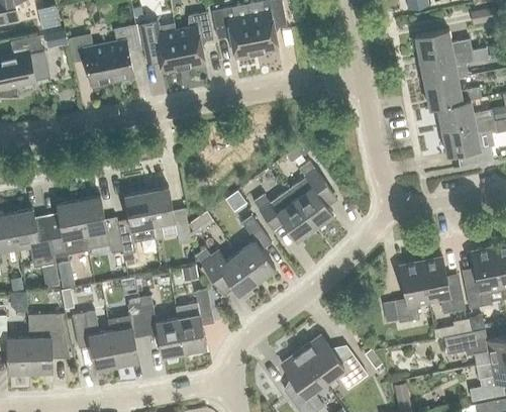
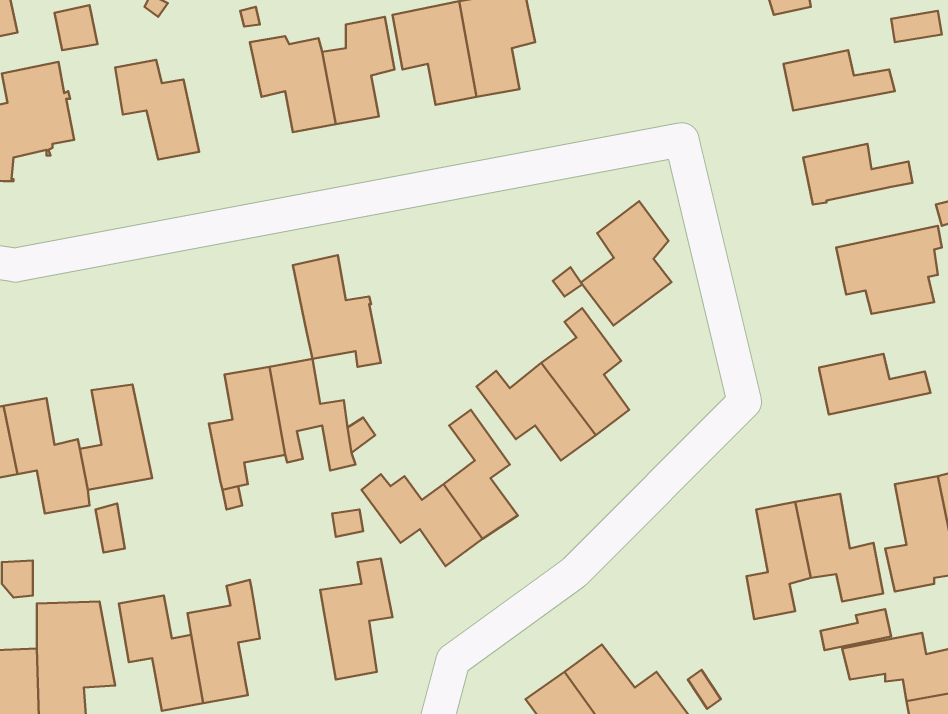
building: [104,25,140,82] -> none
building: [419,47,488,85] -> none
building: [436,100,494,131] -> [819,354,931,414]
building: none -> [581,201,672,326]
building: [78,197,123,254] -> [293,255,381,367]
building: [138,296,183,358] -> none

